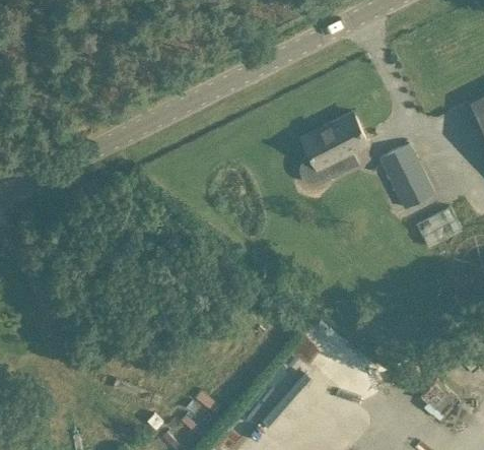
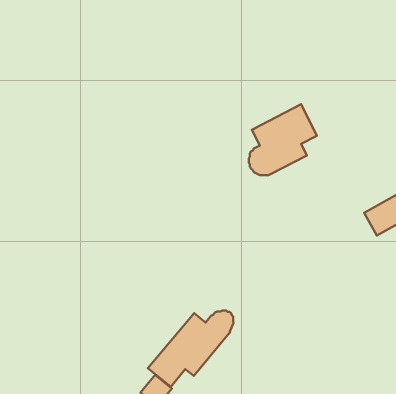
building: [378,144,435,210] -> none
building: none -> [148,311,233,387]

